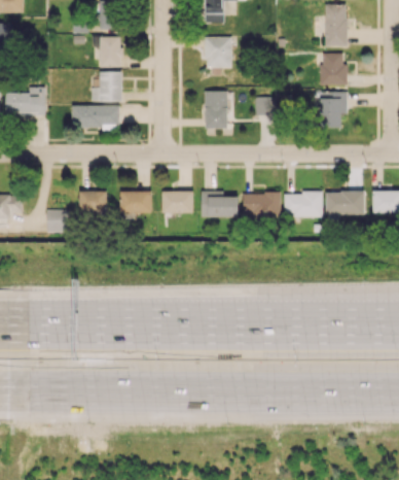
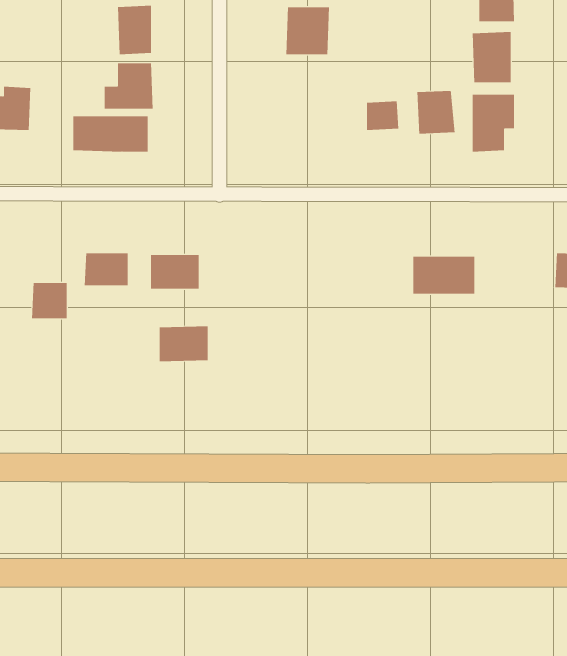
building: none -> [417,90,455,134]
building: [205,91,228,129] -> none
building: [162,191,193,213] -> [159,326,208,362]
building: [202,191,239,217] -> none
building: [326,192,364,215] -> none
building: [243,193,281,217] -> none

